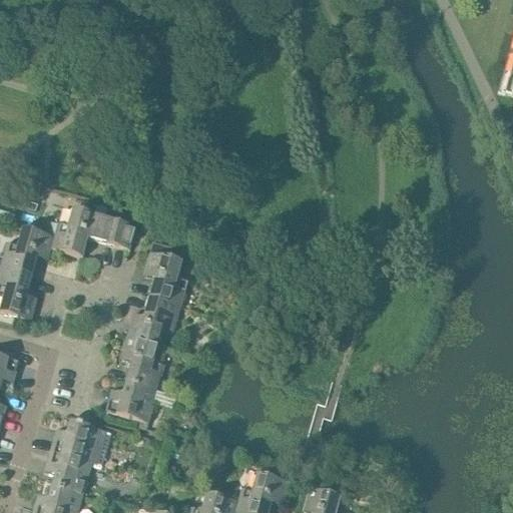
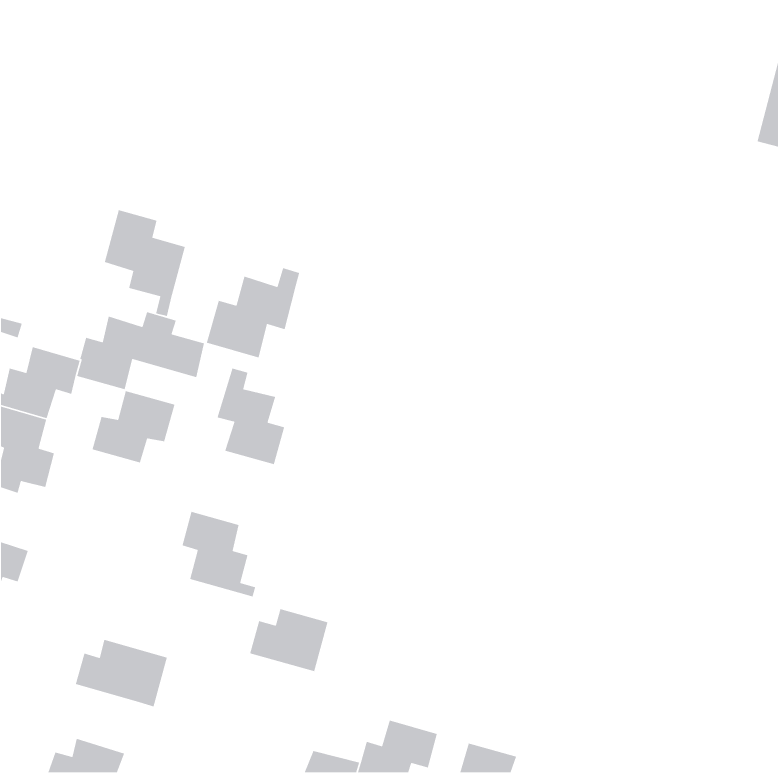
building: none -> [104,209,186,317]
building: none -> [206,267,300,358]
building: [126,297,181,345] -> [92,390,175,463]
building: [105,381,157,423] -> [249,608,329,672]
building: [44,450,92,495] -> none

